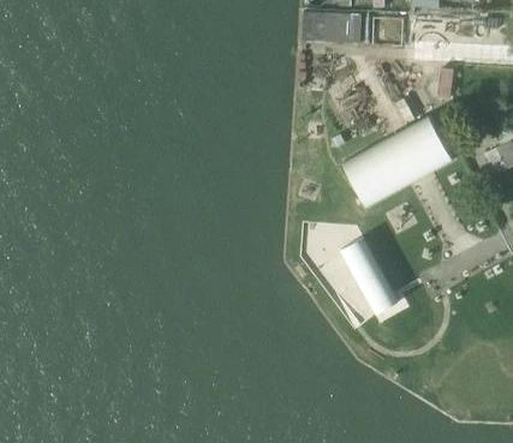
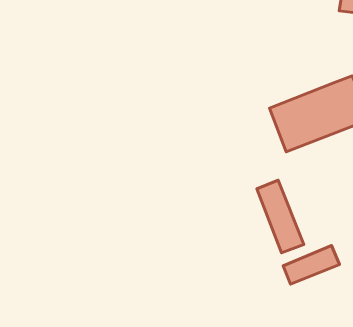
building: none -> [283,246,339,284]

